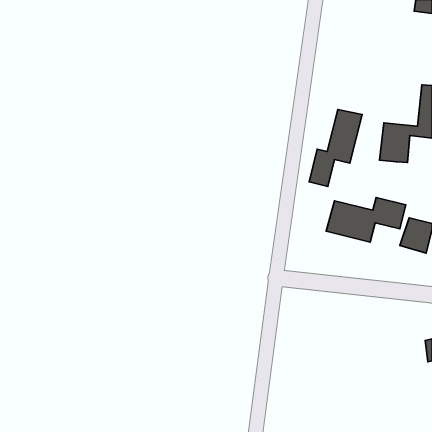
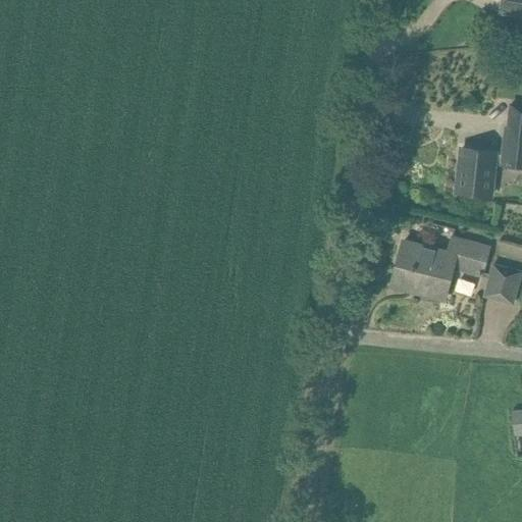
building: [309,109,362,187] -> none

